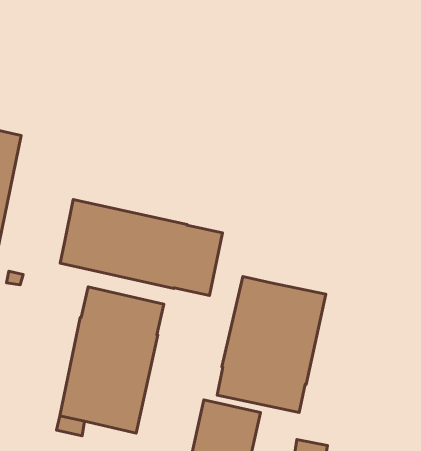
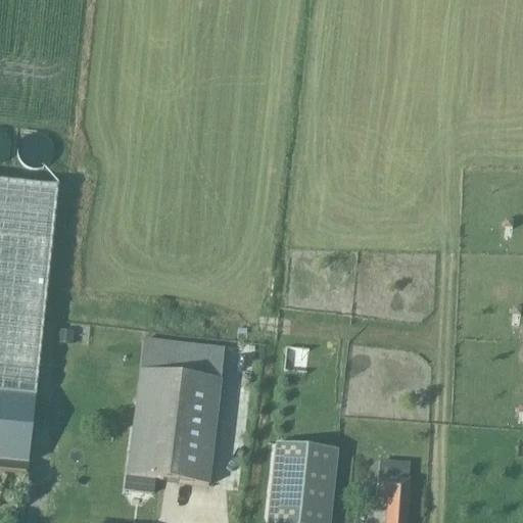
building: [60,200,222,295] -> none
building: [217,276,326,413] -> none

